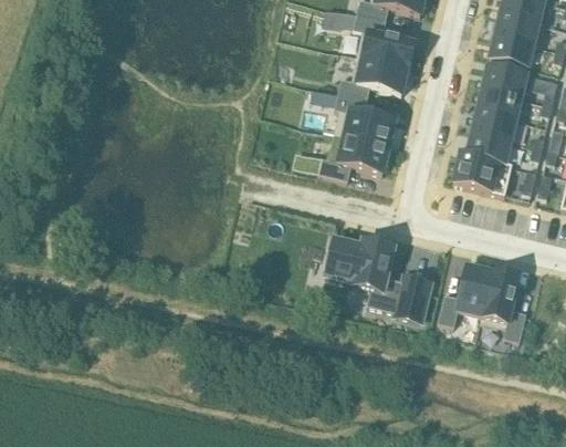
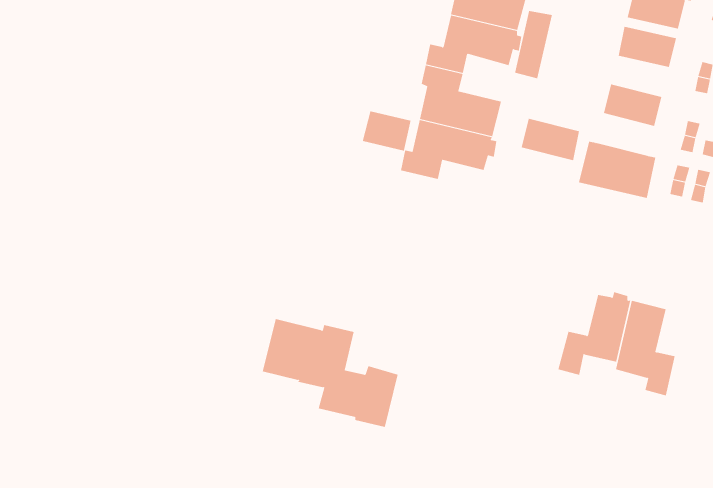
building: none -> [514,10,552,79]
building: [478,85,522,116] -> none
building: none -> [362,111,411,151]
building: [467,128,511,160] -> [521,118,580,161]
building: [332,239,434,321] -> [262,318,399,428]

